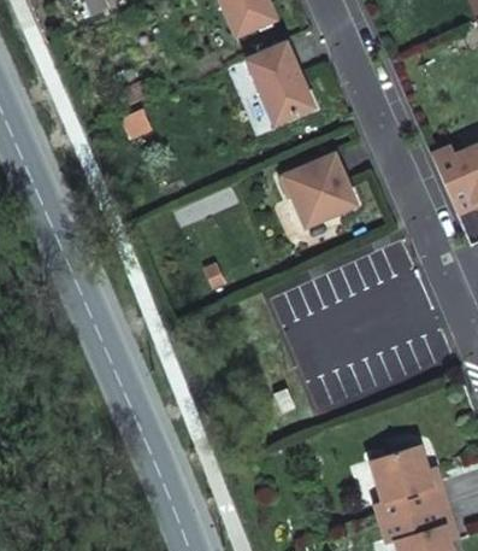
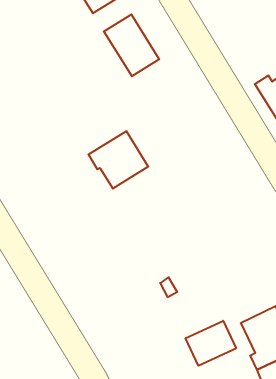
building: [281,154,355,225] -> [88,131,148,189]
building: none -> [186,321,236,366]

